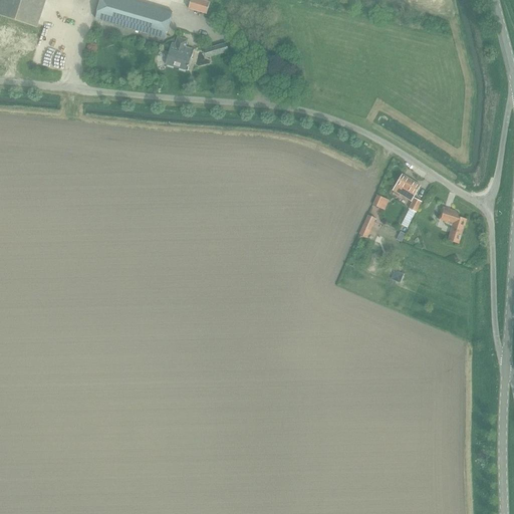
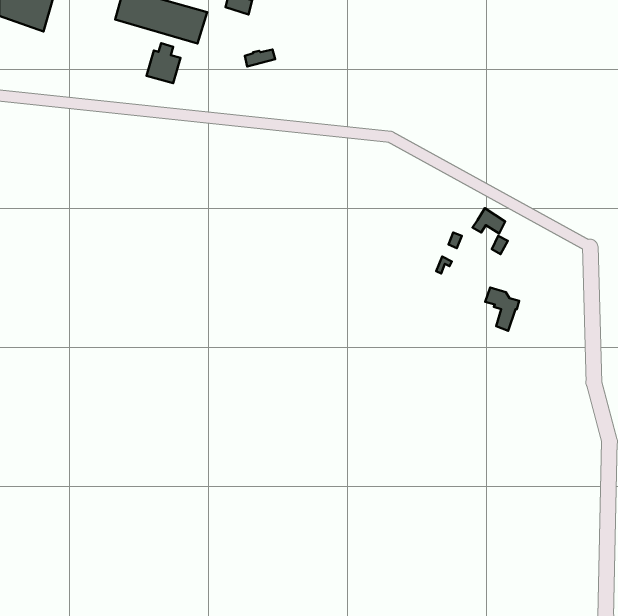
building: [165,35,193,68] -> [146,43,180,83]
building: [438,206,466,242] -> [485,287,519,331]

